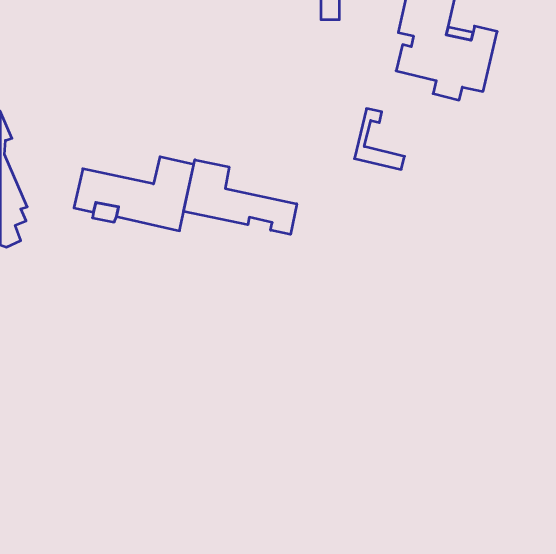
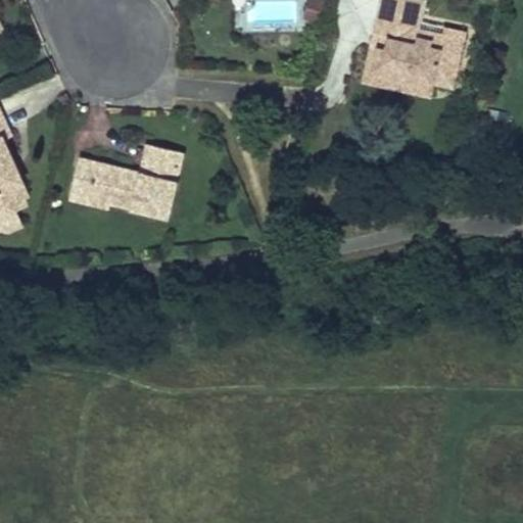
building: [354,109,405,169] -> [363,31,410,88]
building: [184,160,297,234] -> none

